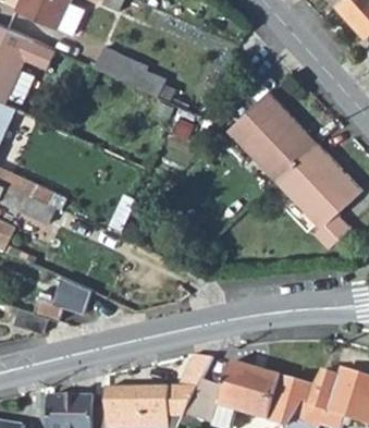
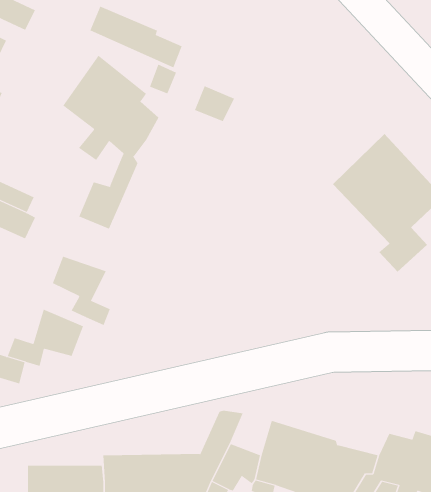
building: none -> [63,55,159,229]
building: [229,93,317,183] -> none
building: none -> [52,256,111,326]

